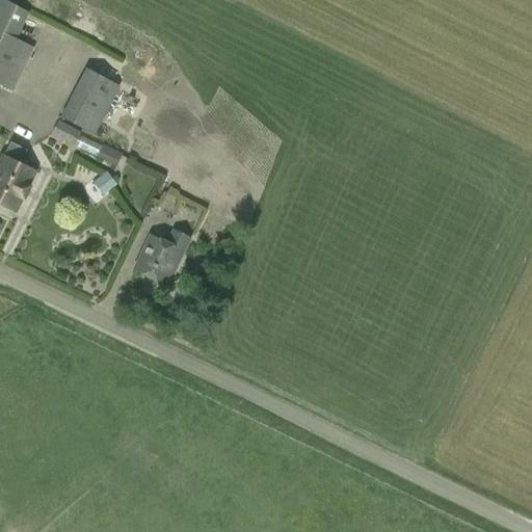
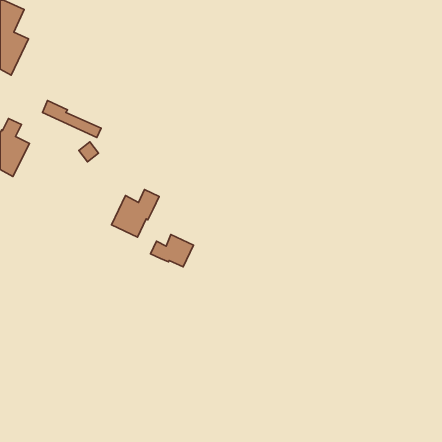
building: [60,68,119,134] -> none
building: none -> [151,235,193,267]

